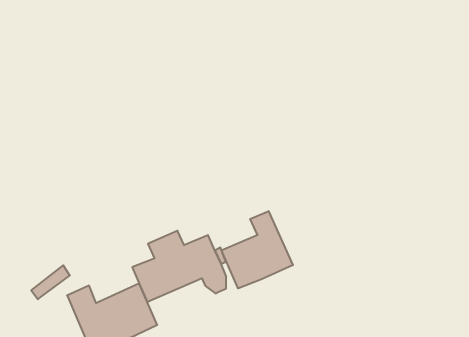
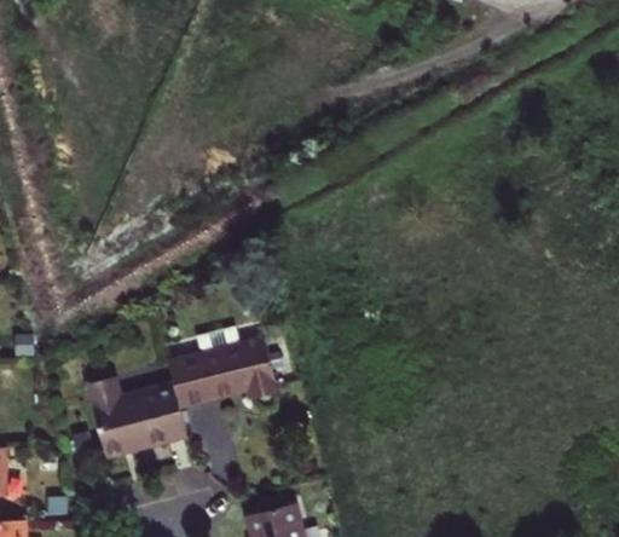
building: [221,211,293,288] -> none

